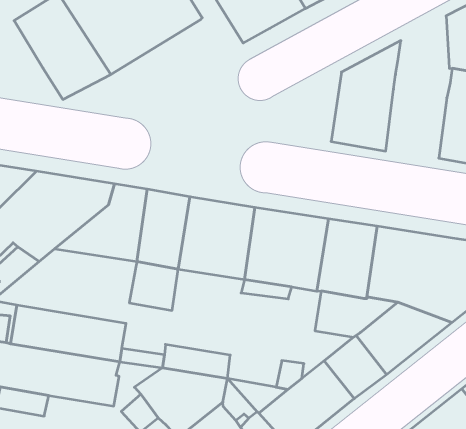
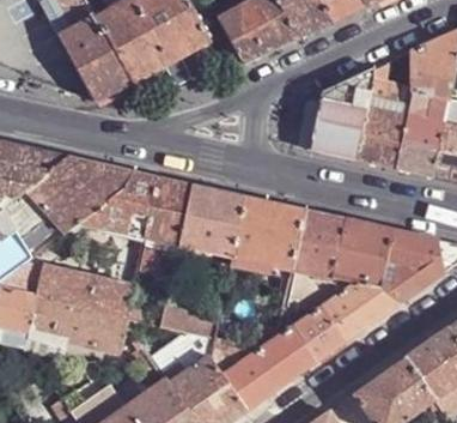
building: none -> [354,61,413,167]

